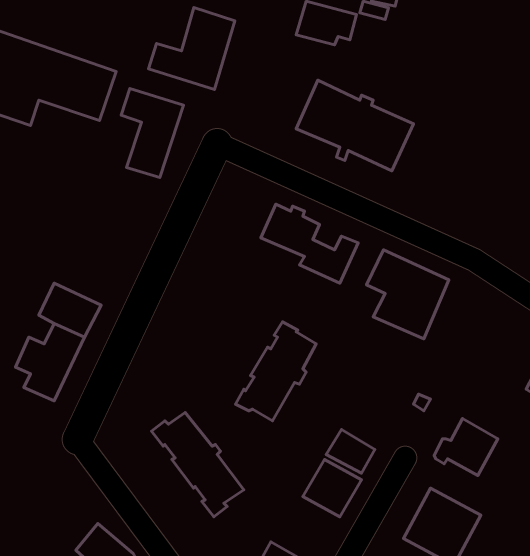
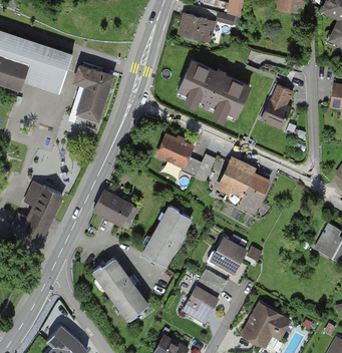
building: [149,8,235,89] -> none
building: none -> [261,84,290,128]
building: none -> [92,191,137,230]
building: [434,419,498,476] -> [207,238,245,272]

